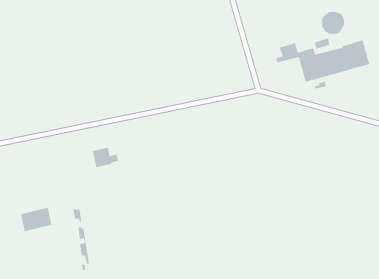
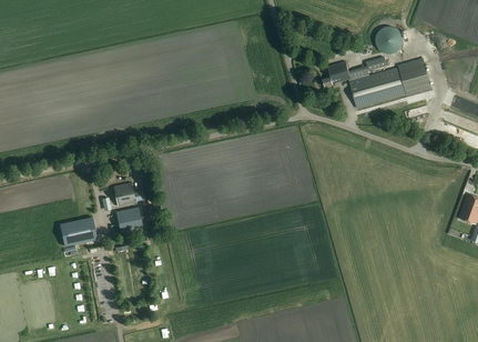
building: none -> [116,207,143,234]
building: [20,207,52,232] -> [62,215,99,244]

